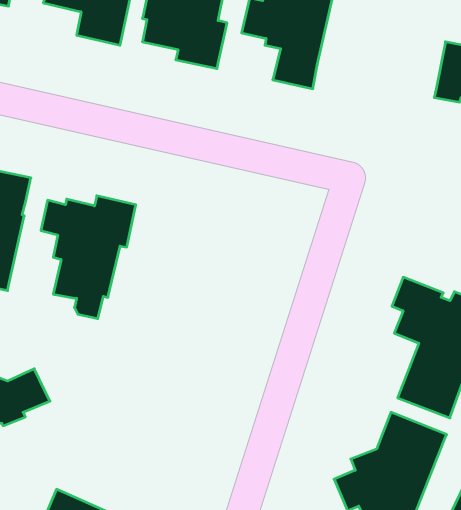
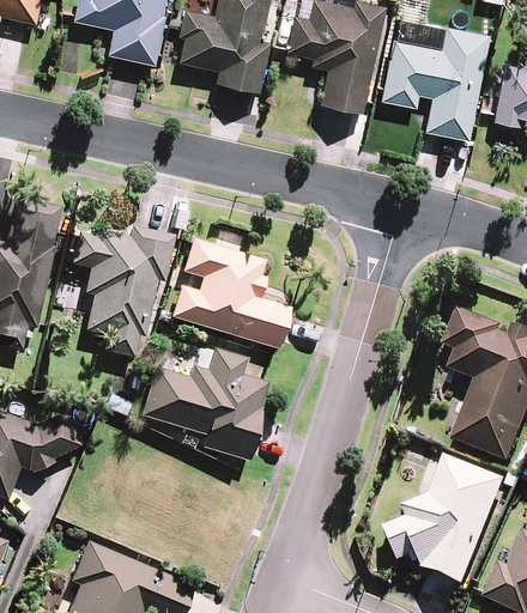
building: none -> [381,25,490,139]
building: none -> [170,238,289,350]
building: none -> [140,347,267,461]

